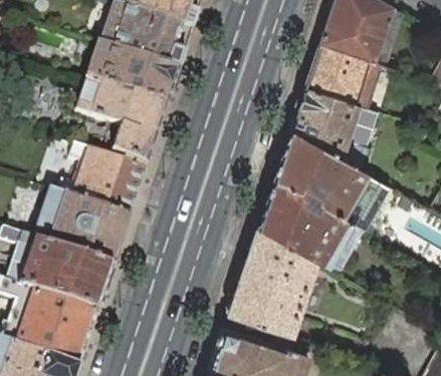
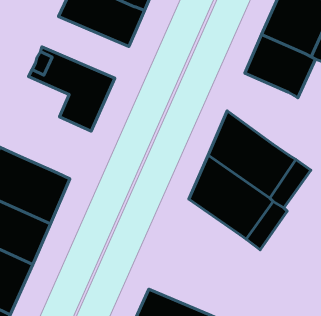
building: [86,42,179,104] -> none
building: [290,86,379,169] -> none
building: [56,144,145,217] -> none
building: [228,227,316,335] -> none

